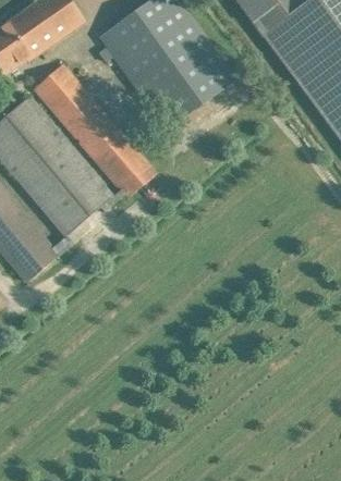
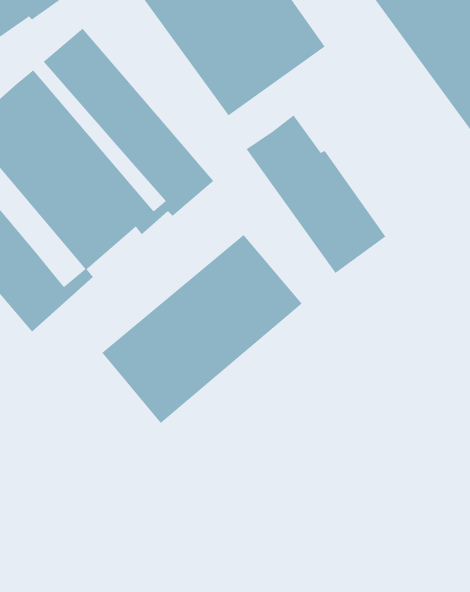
building: none -> [246,114,386,274]
building: none -> [101,234,302,424]

